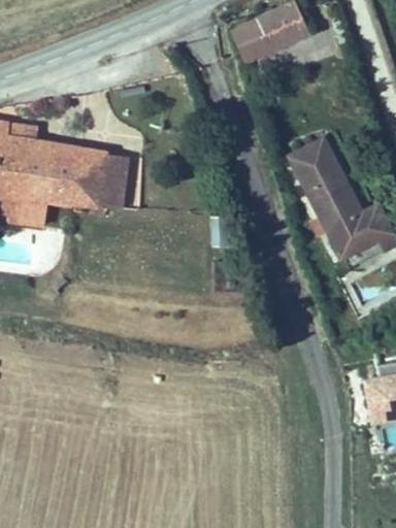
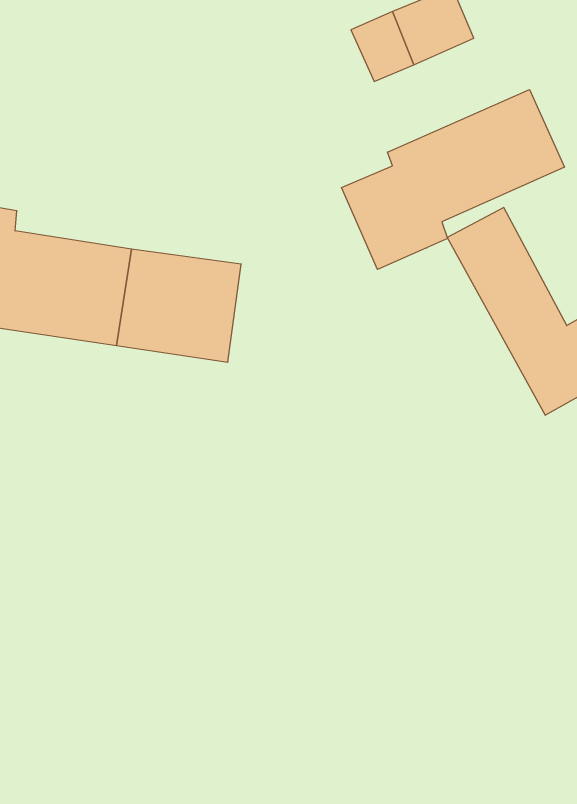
building: none -> [342,90,564,269]

